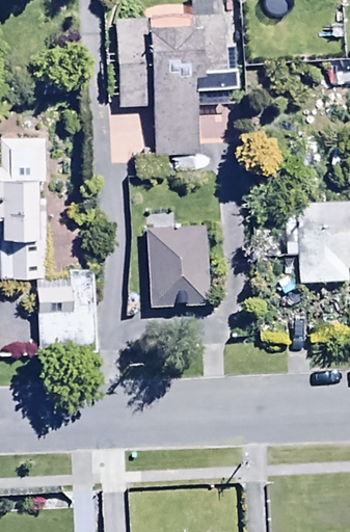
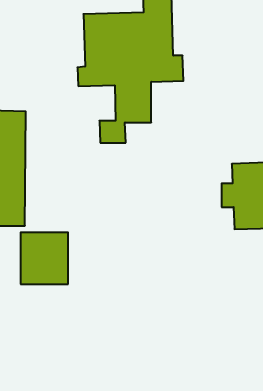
building: [146,216,208,342] -> none

